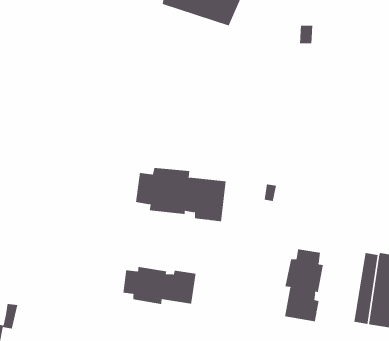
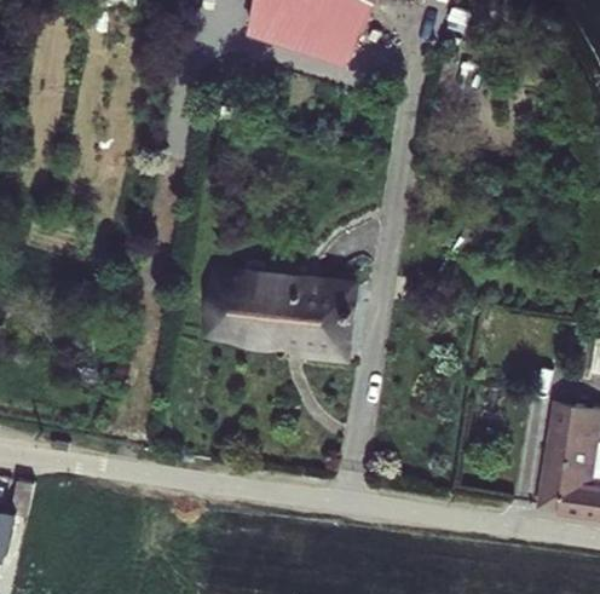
building: [284,248,323,322] -> none
building: [123,266,196,305] -> none

